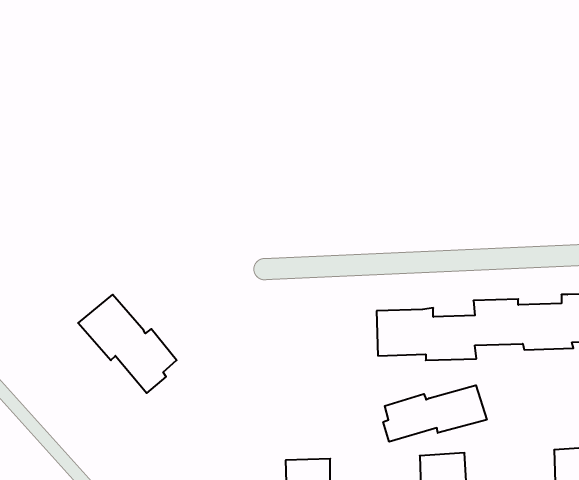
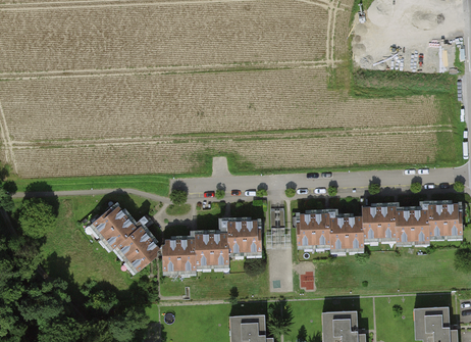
building: none -> [162,221,259,271]
building: [383,385,487,442] -> none

